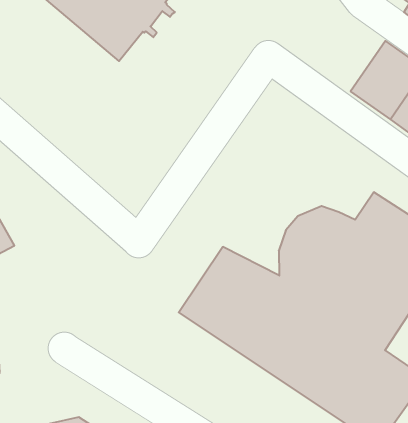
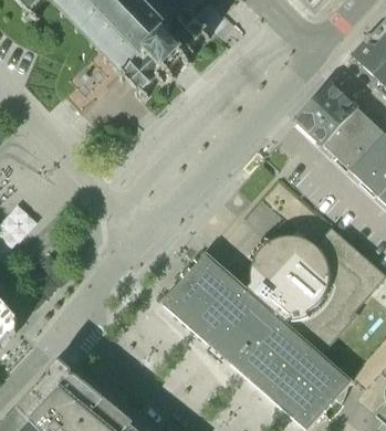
building: none -> [294,81,355,143]

